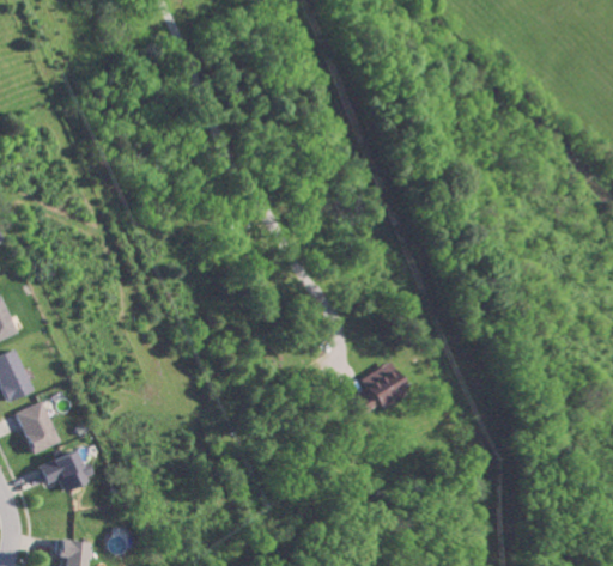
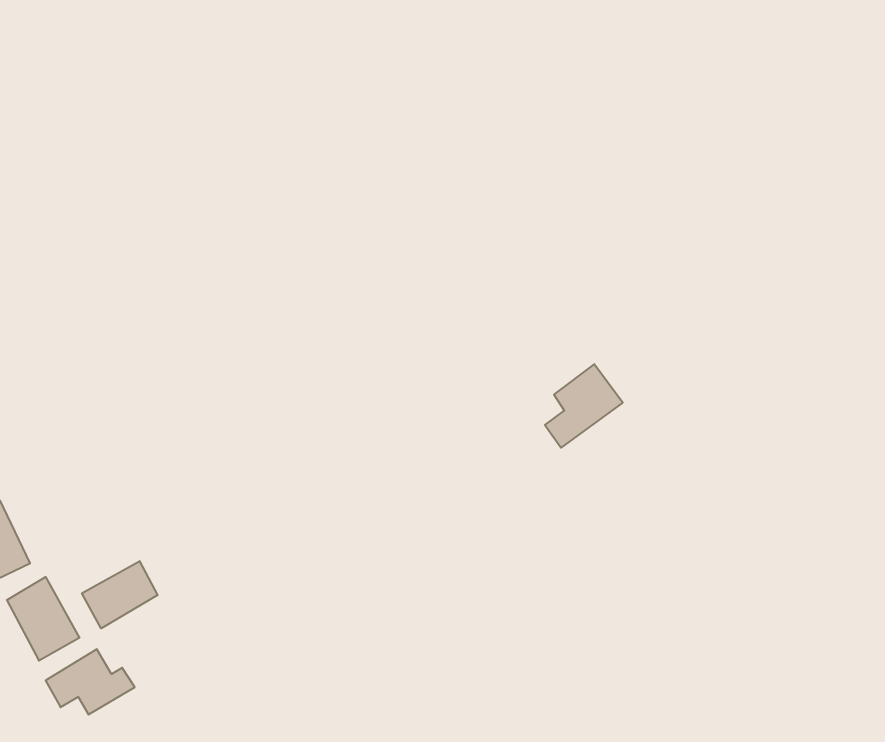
building: [352,363,403,415] -> [545,364,623,448]
building: none -> [82,561,158,628]

